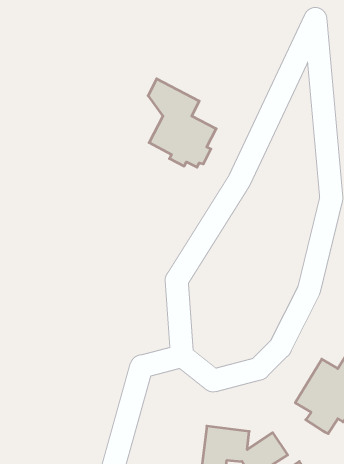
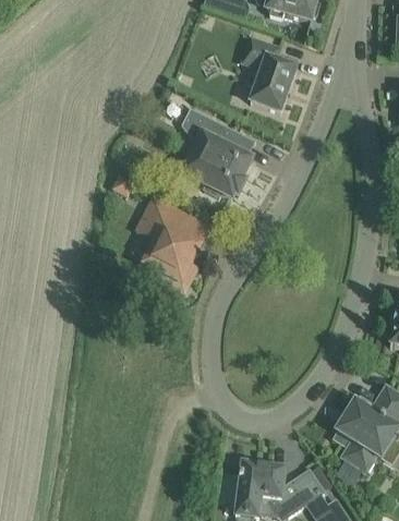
building: none -> [242,36,297,110]
building: none -> [136,195,201,290]

